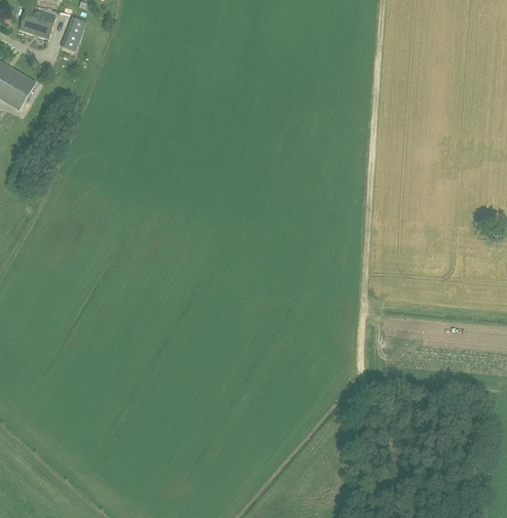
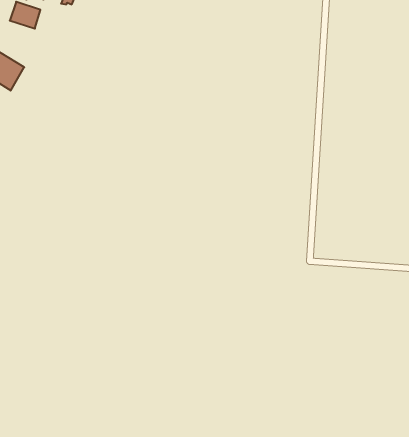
building: [60,16,86,51] -> none

